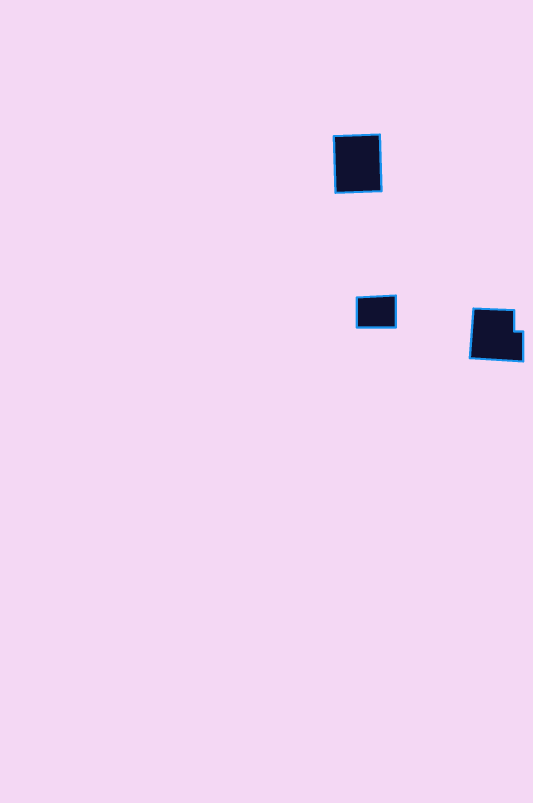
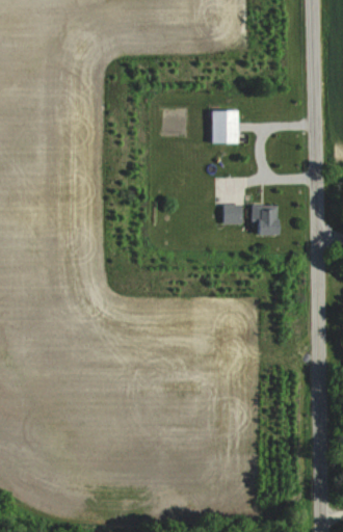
building: [470,309,523,362] -> [252,204,283,235]

